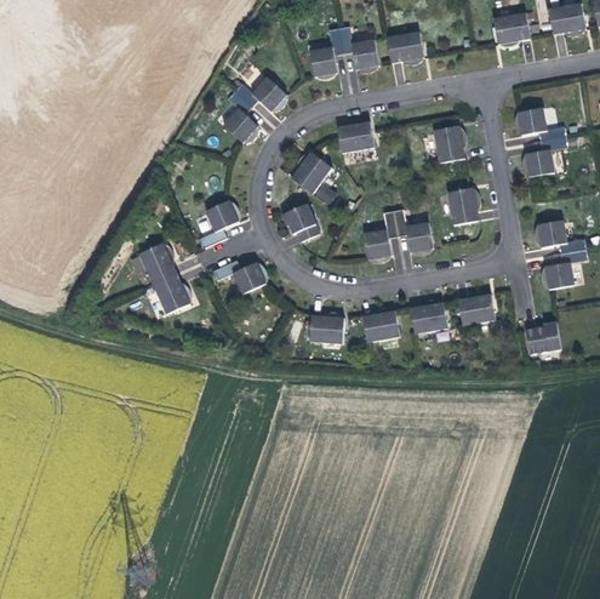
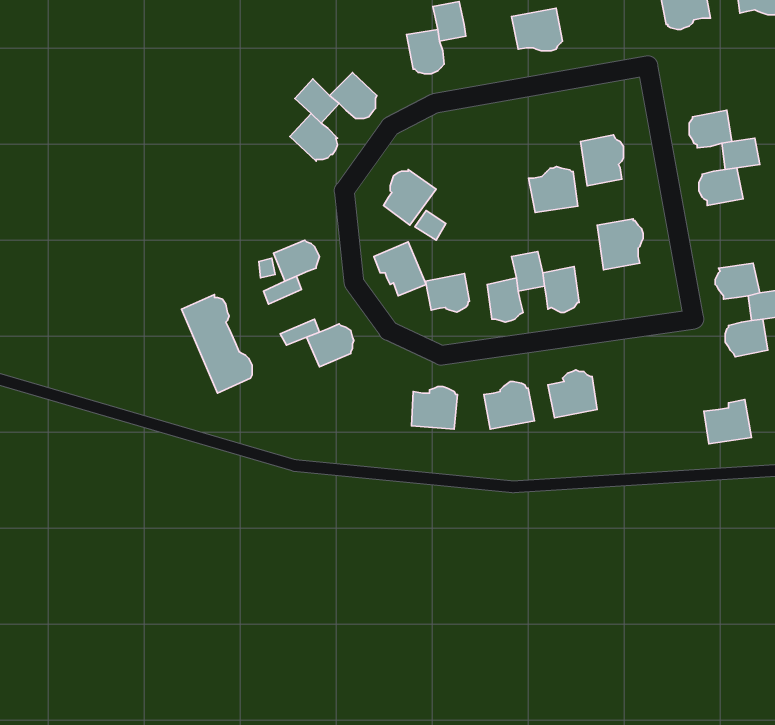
building: [349,40,377,72] -> none
building: [338,118,375,152] -> [529,167,578,213]
building: none -> [426,273,470,312]
building: [459,291,496,325] -> none

